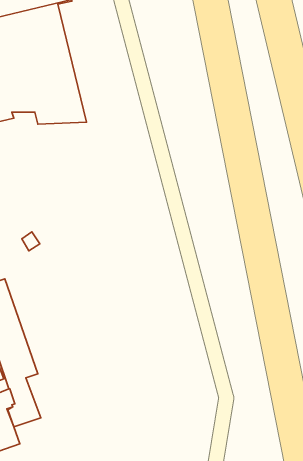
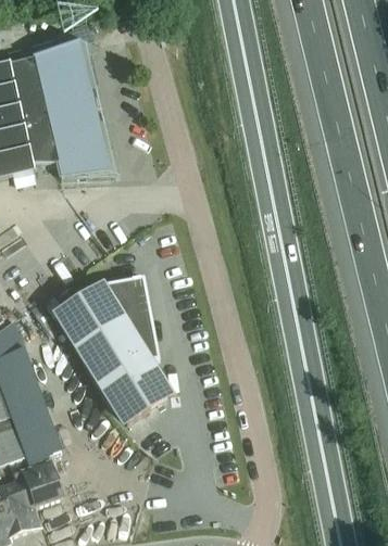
building: none -> [60,278,167,420]

